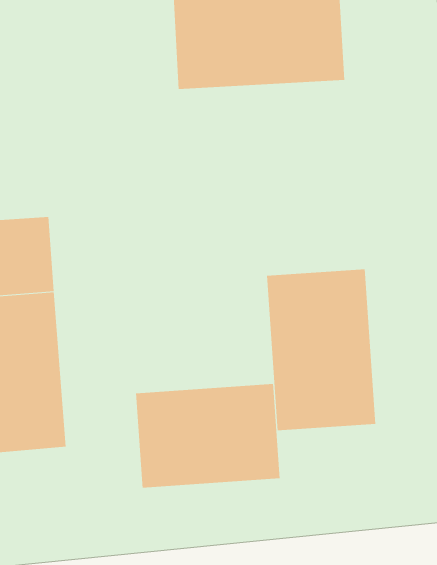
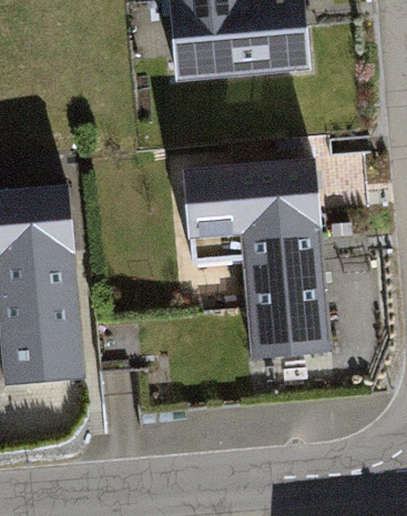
building: none -> [182,156,327,239]
building: [136,383,280,488] -> none

